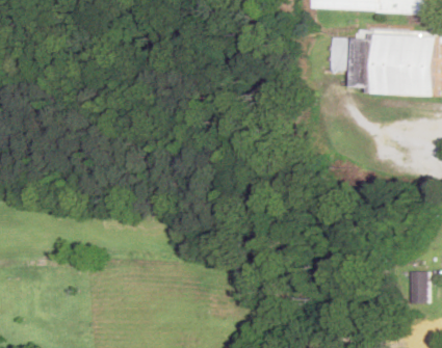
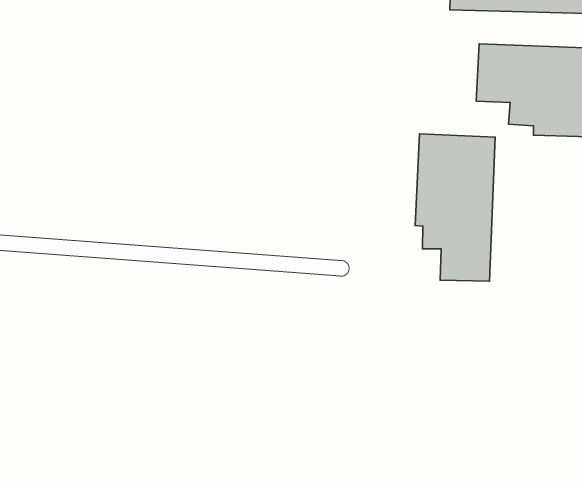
building: none -> [415,134,495,281]

